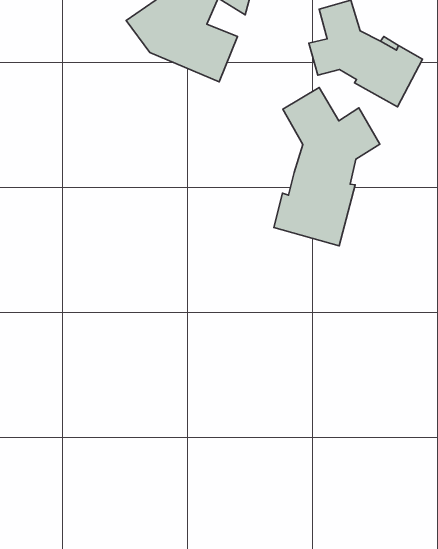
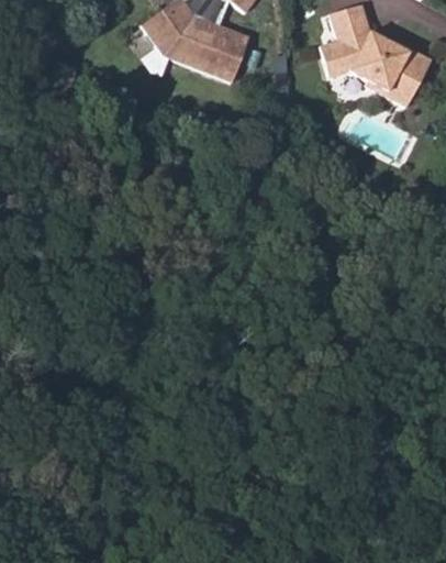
building: [274,88,380,246] -> none

